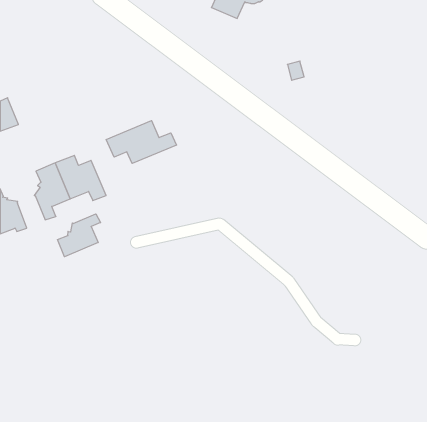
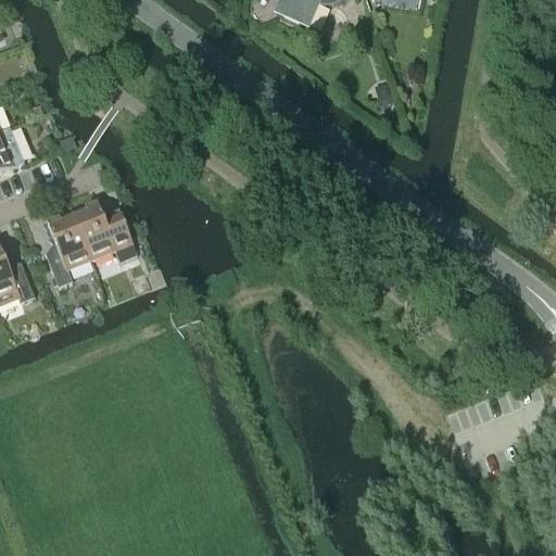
building: [106,121,177,163] -> none
building: [58,214,101,257] -> none

